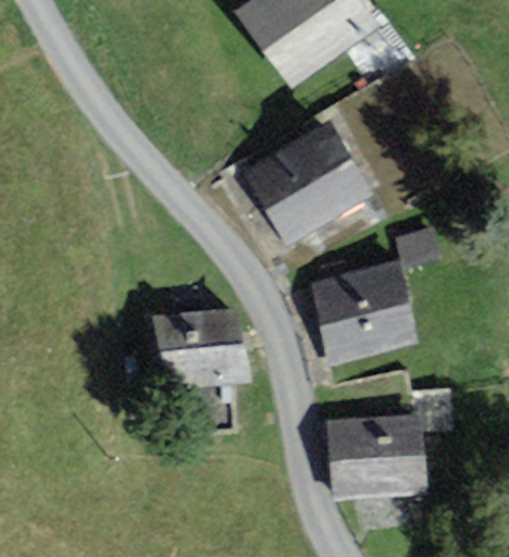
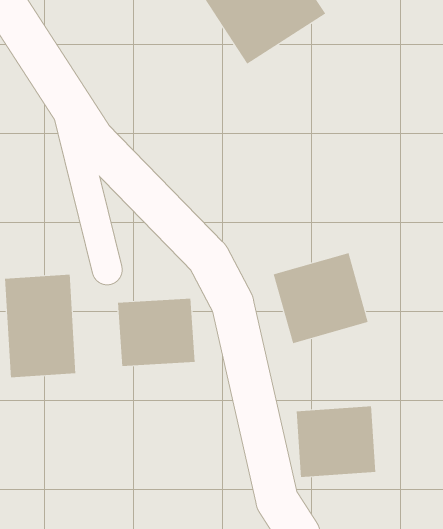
building: [249,129,368,240] -> none
building: none -> [4,274,76,378]

